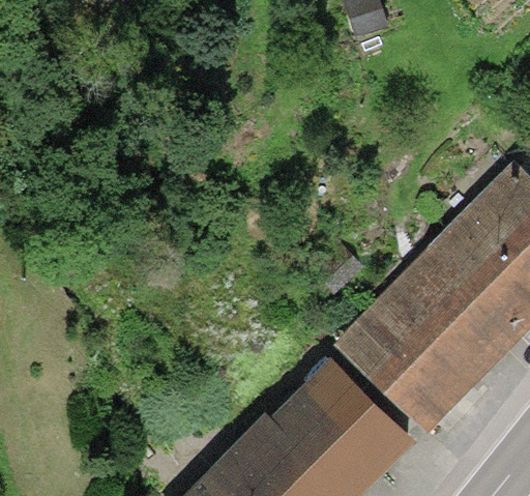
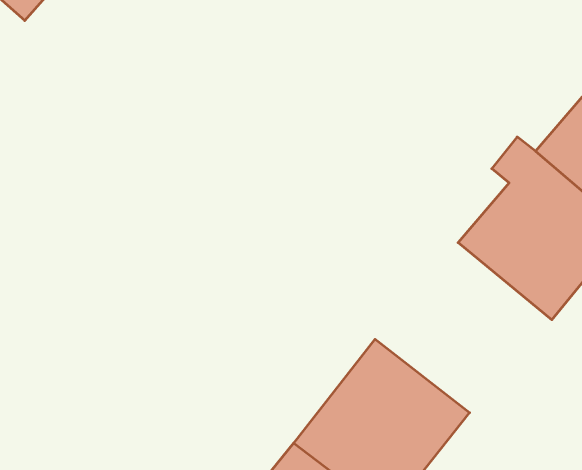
building: [342,284,479,421] -> none

